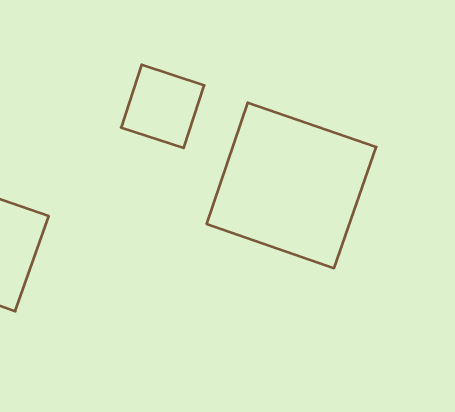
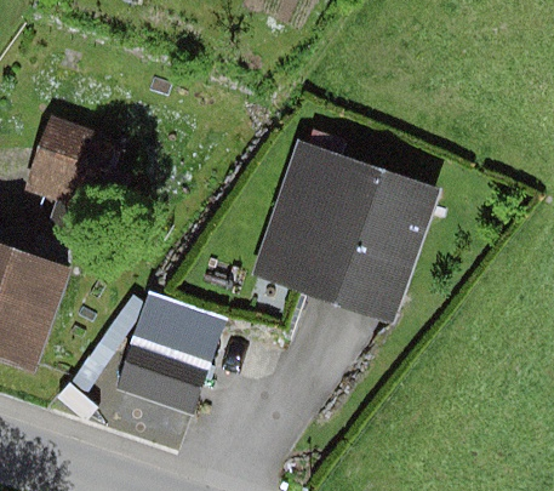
building: [121,65,204,148] -> [25,116,119,210]
building: none -> [112,291,225,419]

